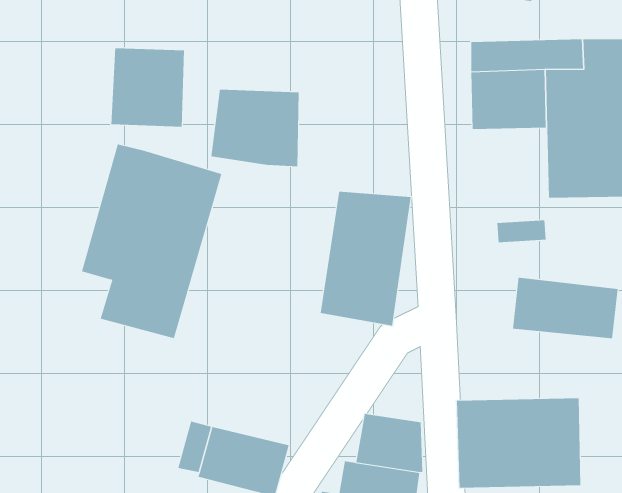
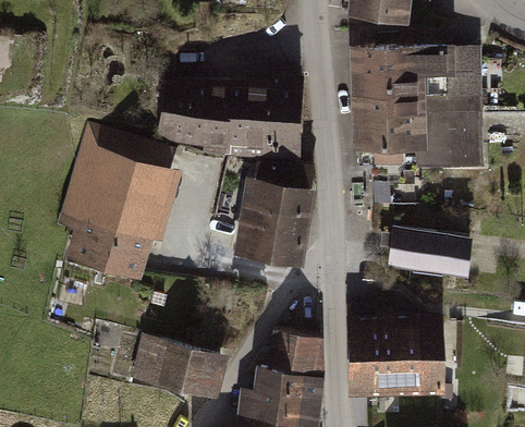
building: [111,47,185,127] -> none
building: none -> [227,78,302,158]
building: none -> [358,115,416,170]

